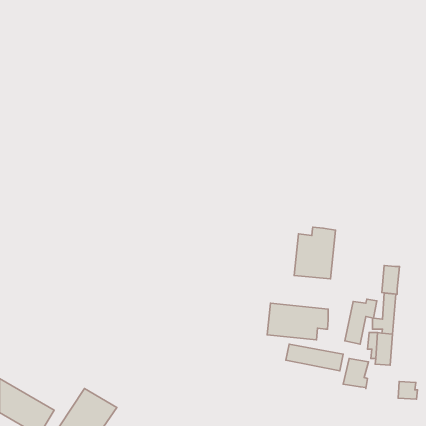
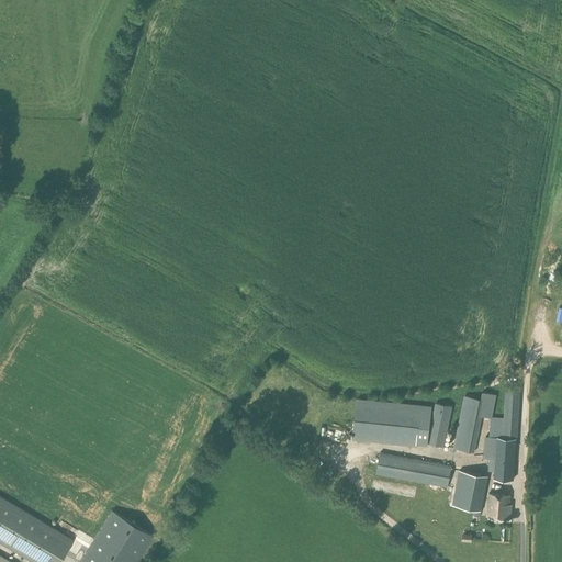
building: [294,227,335,279] -> none
building: [382,266,399,294] -> none
building: none -> [426,404,452,447]
building: [398,382,417,399] -> [486,495,512,518]

